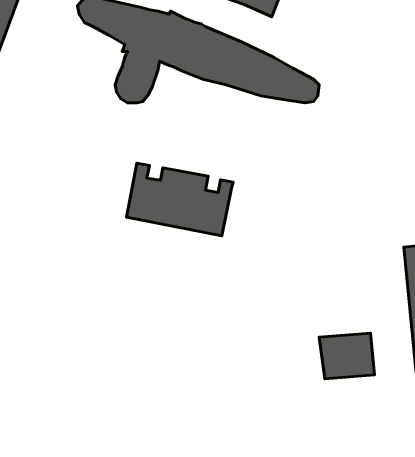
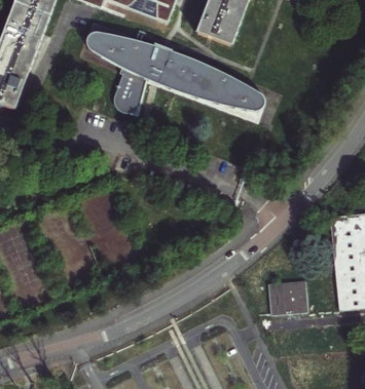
building: [126,163,233,236] -> none

